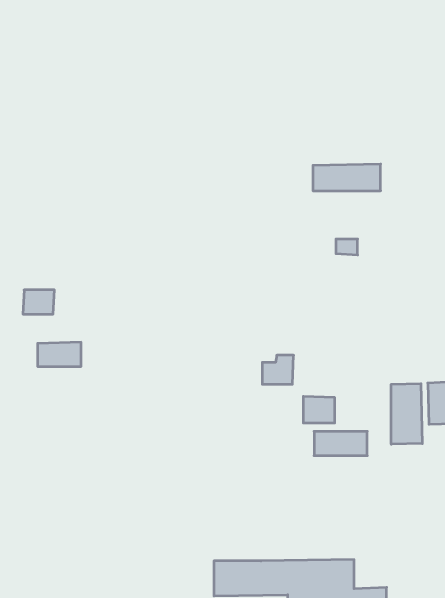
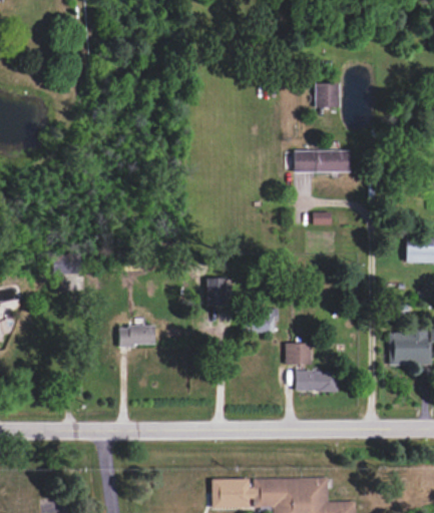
building: none -> [315,83,340,108]
building: none -> [206,278,227,306]
building: [38,342,81,366] -> [119,326,155,346]
building: [391,384,422,444] -> none

